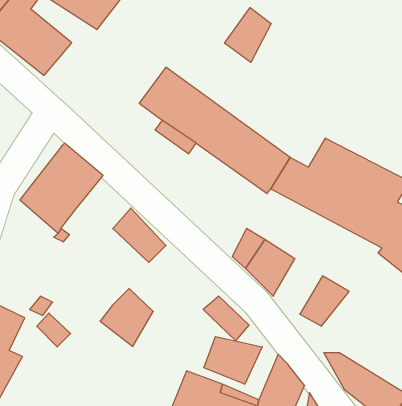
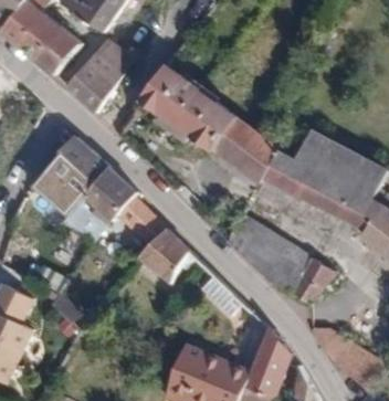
building: [224,8,271,62] -> none
building: none -> [65,52,120,110]
building: none -> [82,165,136,220]
building: none -> [263,241,308,292]
building: [100,289,153,346] -> [138,229,187,282]
building: [204,337,262,384] -> none

